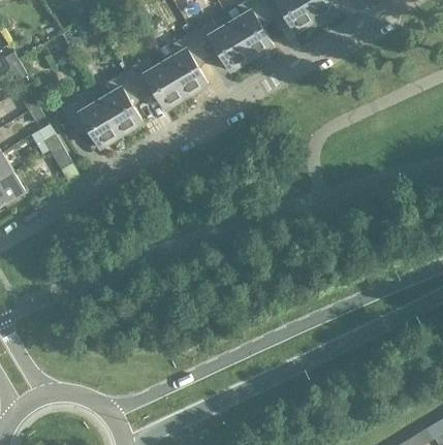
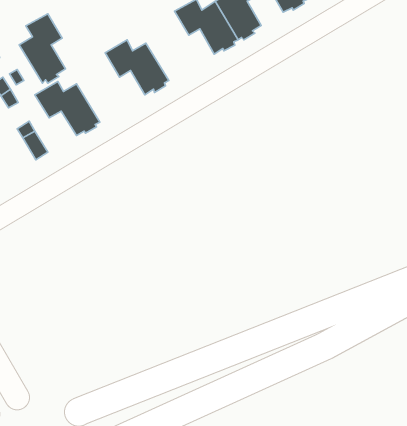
building: [164,31,208,96] -> none
building: [99,70,143,135] -> [19,14,65,83]

